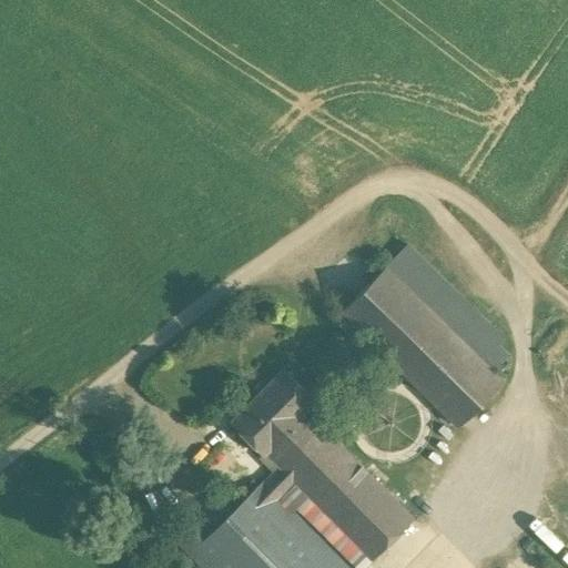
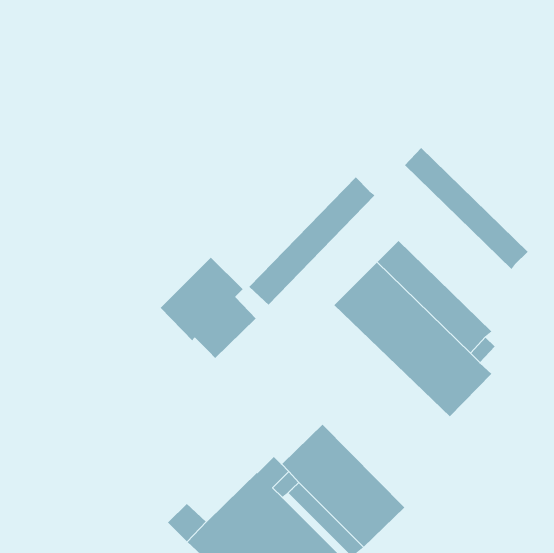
building: none -> [404,147,528,270]
building: none -> [248,176,376,306]
building: [232,372,331,476] -> [160,257,257,359]

